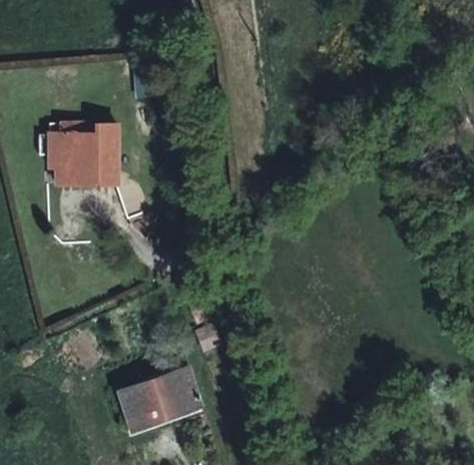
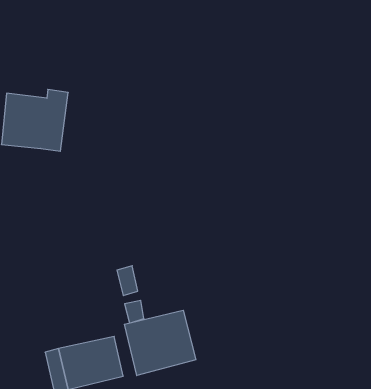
building: none -> [124,310,196,376]

